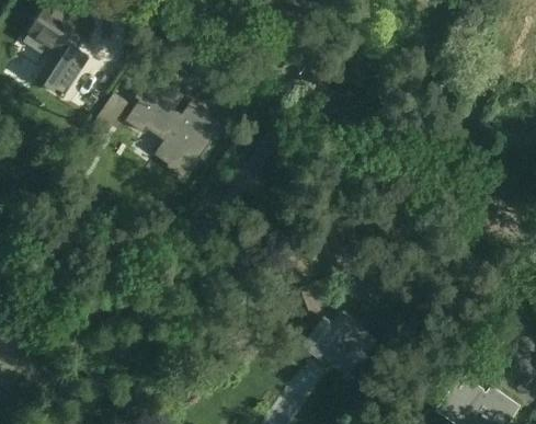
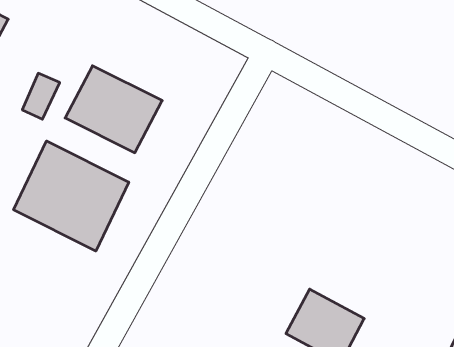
building: none -> [14,141,129,251]

